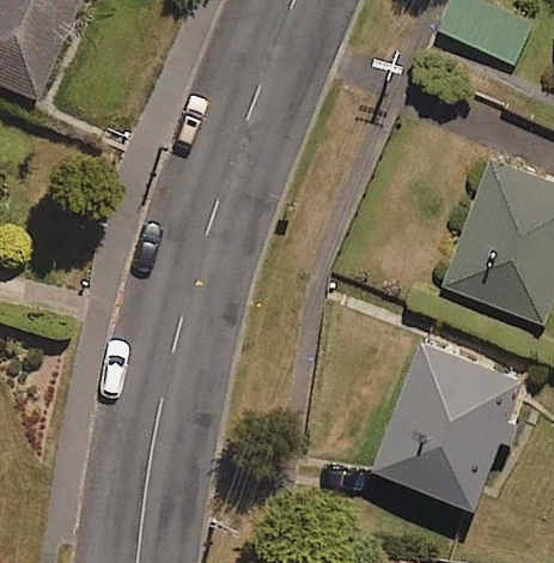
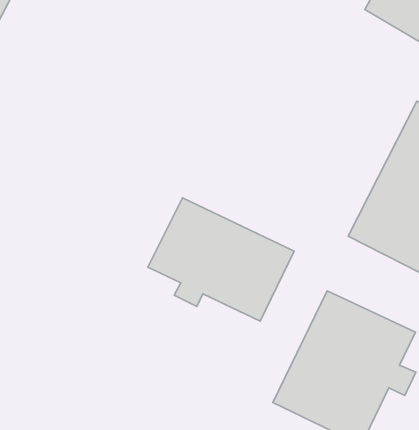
building: none -> [148,198,294,321]

